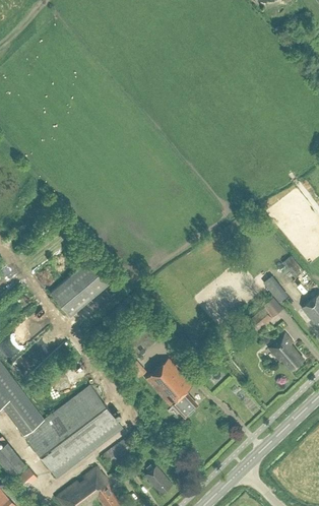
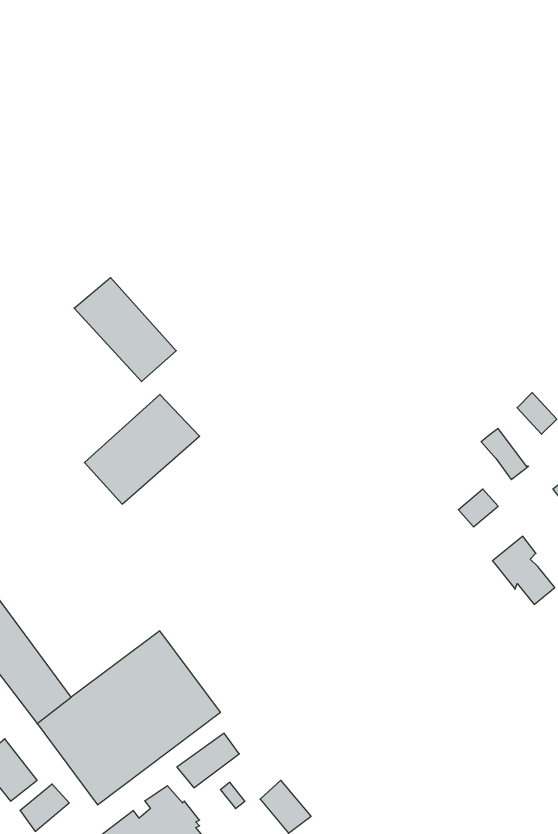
building: none -> [74,278,176,382]
building: [145,359,196,418] -> none

